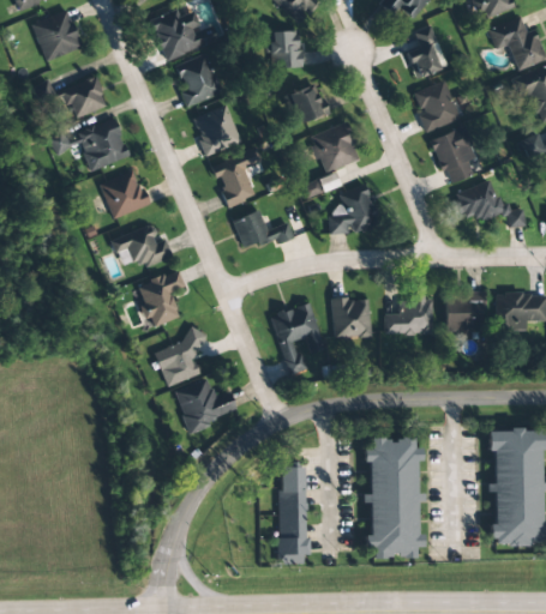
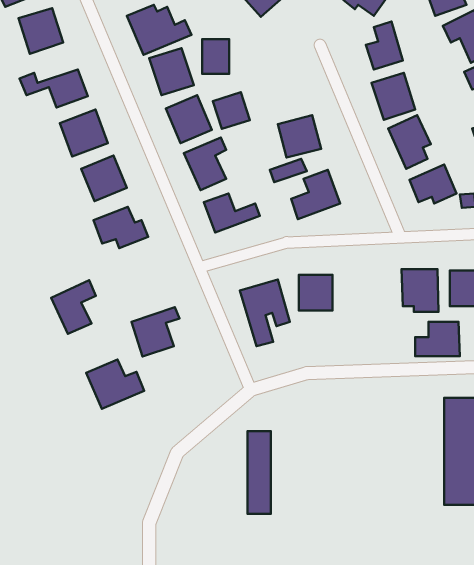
building: [271,30,300,67] -> [202,39,229,74]
building: [288,83,328,122] -> [213,92,250,129]
building: [137,269,185,326] -> [51,280,96,334]
building: [386,296,434,333] -> [415,322,460,356]
building: [174,378,236,431] -> [86,360,144,409]
building: [364,437,419,558] -> none

